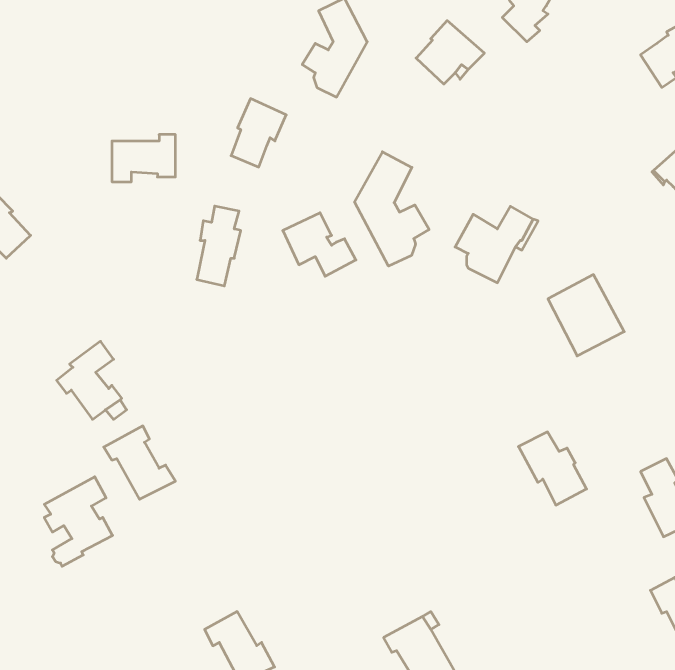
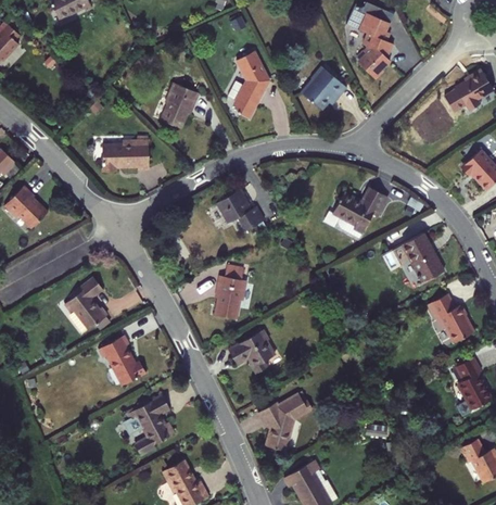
building: [231,99,286,167] -> [162,74,199,119]
building: [355,152,429,266] -> none
building: [197,206,241,286] -> [215,269,244,323]
building: none -> [226,330,272,374]
building: [518,432,587,505] -> [427,294,472,343]
building: [44,477,113,566] -> [129,396,175,456]
building: none -> [256,394,310,452]

